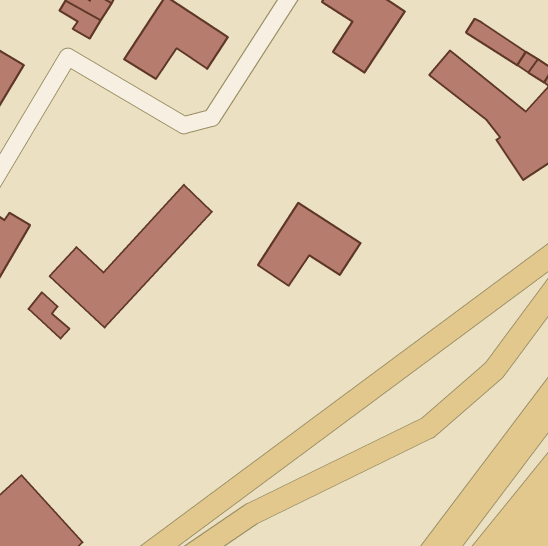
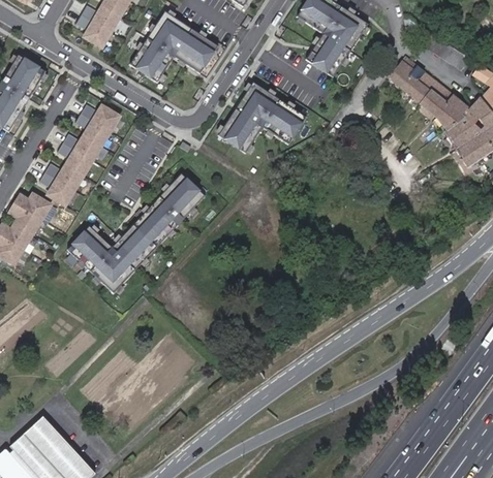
building: none -> [39,103,118,205]
building: [258,203,361,286] -> [219,84,306,154]
building: [28,292,69,339] -> none

